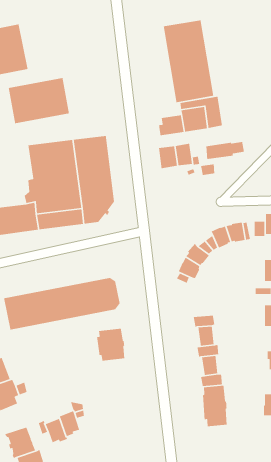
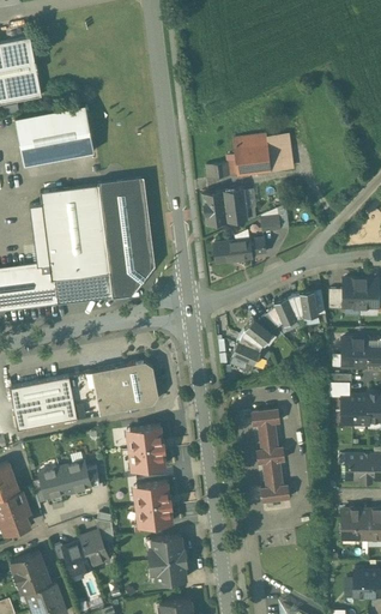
building: [163,20,214,103] -> none
building: [205,141,245,160] -> [214,239,265,263]
building: none -> [38,460,91,499]
building: none -> [134,482,171,525]
building: [202,385,228,427] -> none
building: none -> [147,536,186,583]

